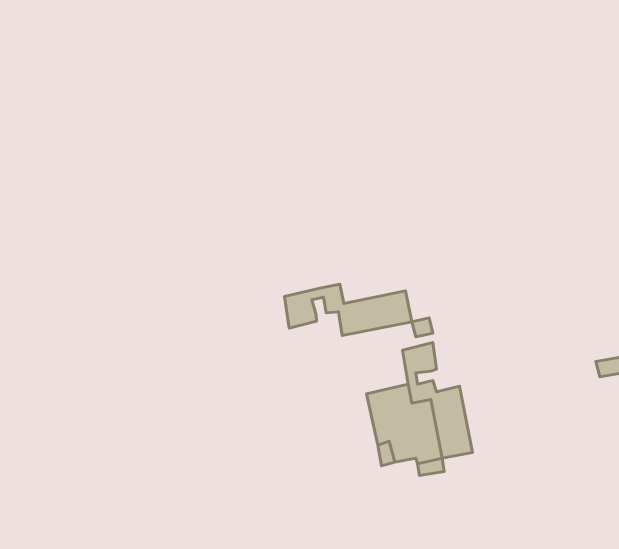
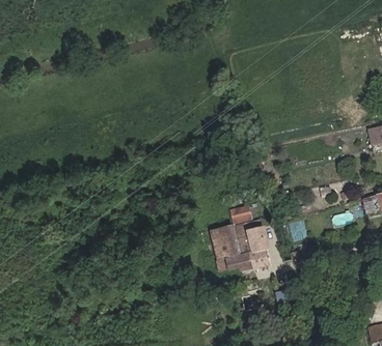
building: [284,284,412,336] -> none

